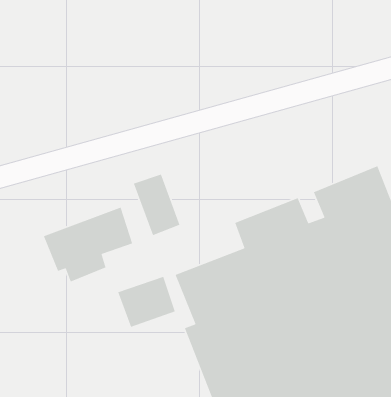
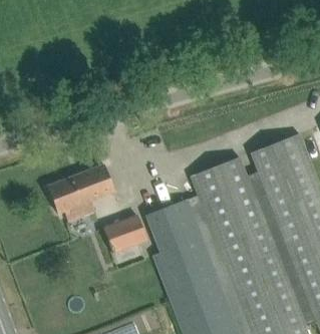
building: [133,174,180,236] -> none

